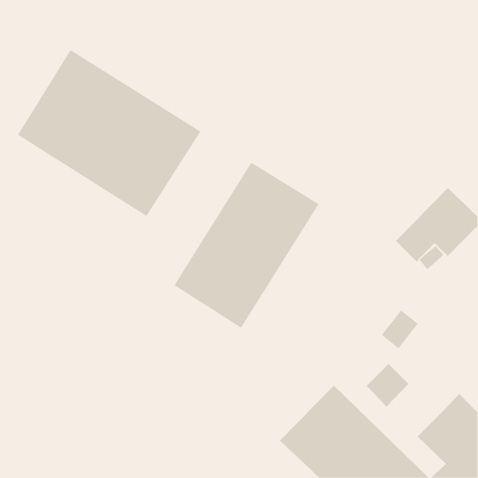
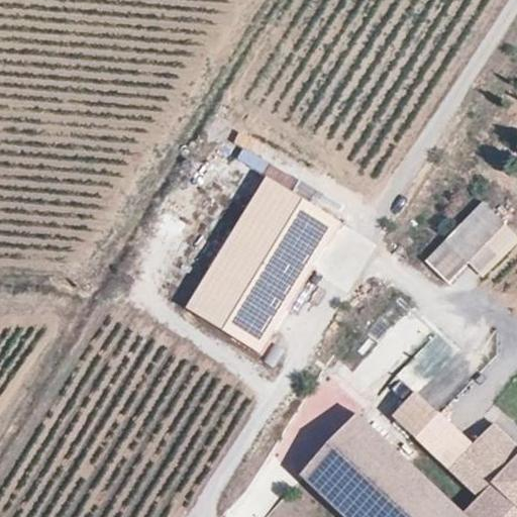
building: [17,49,201,217] -> none
building: none -> [414,410,473,469]

